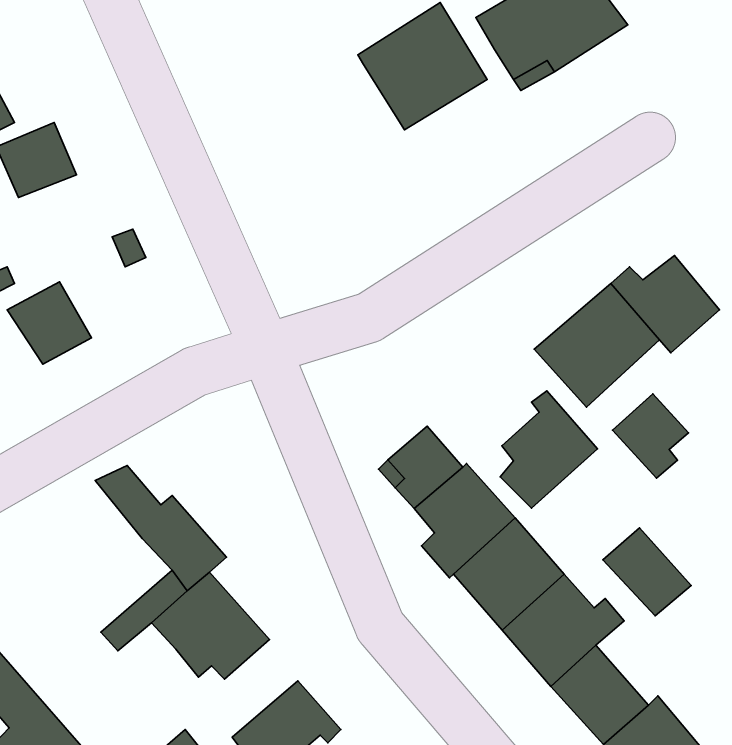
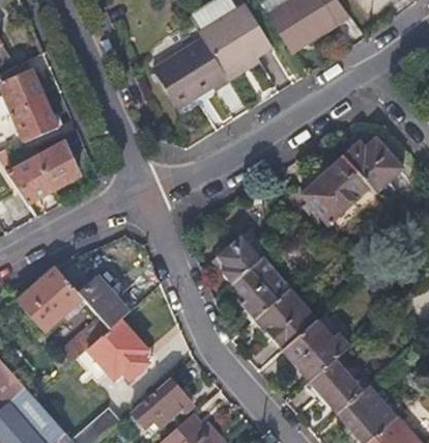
building: none -> [154,37,230,105]
building: none -> [13,99,57,140]
building: none -> [36,143,80,189]
building: [500,391,597,508] -> none
building: [612,394,688,478] -> none
building: none -> [17,268,82,332]
building: [603,528,691,616] -> none

